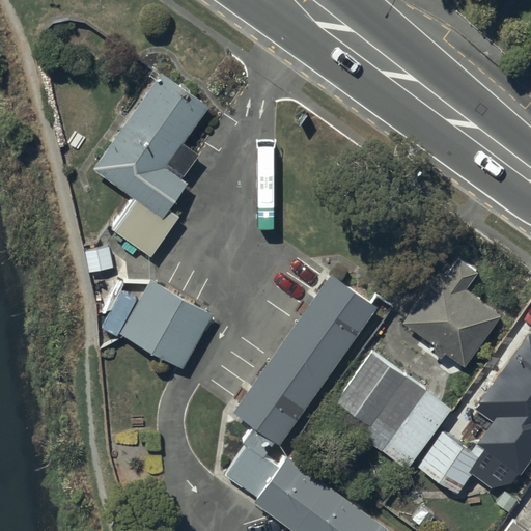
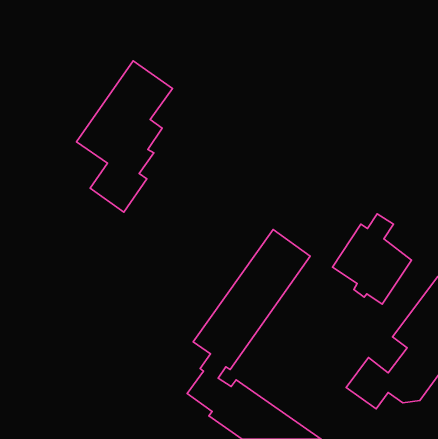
building: [121,280,211,368] -> none
building: [338,354,450,468] -> none

